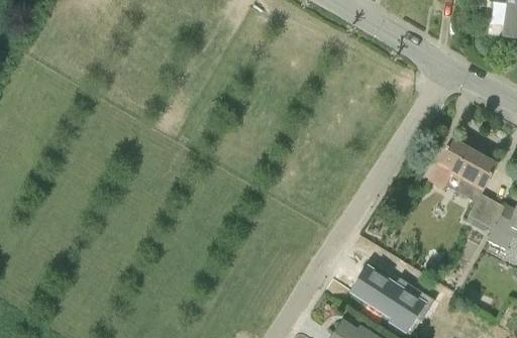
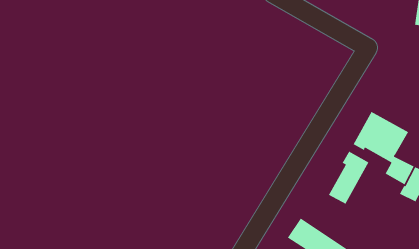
building: none -> [328,150,370,205]

